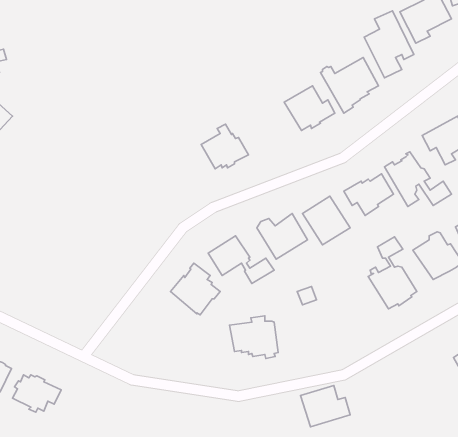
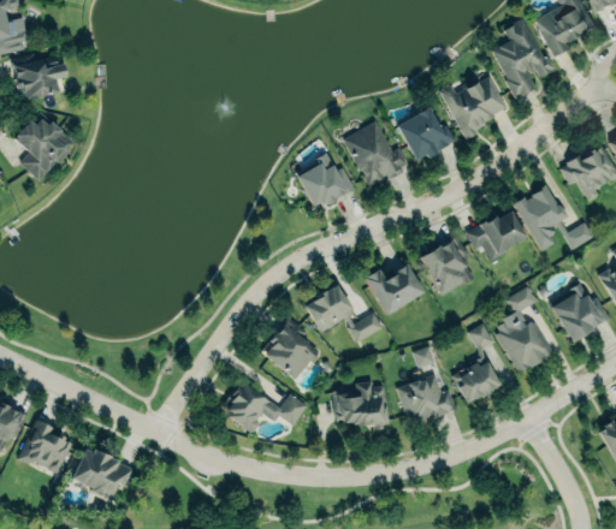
building: none -> [342,121,408,189]
building: none -> [451,323,499,402]
building: none -> [220,381,307,432]
building: [300,385,350,427] -> [396,375,455,424]

